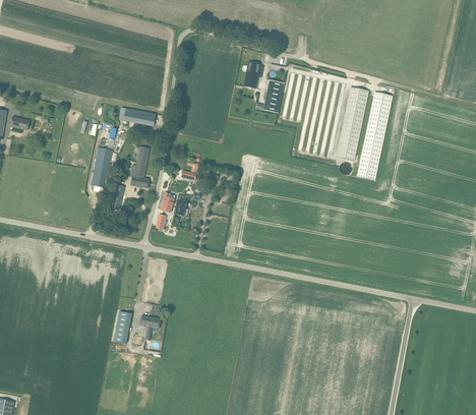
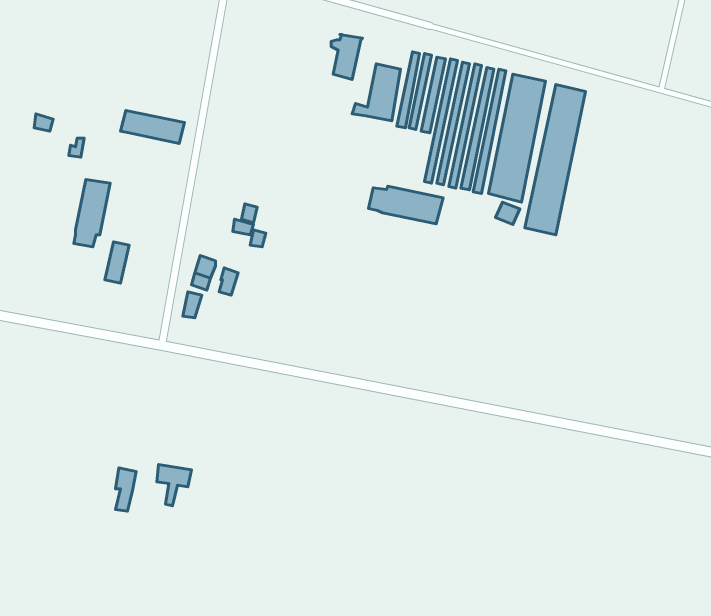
building: [130,146,148,187] -> none
building: none -> [368,186,443,224]

